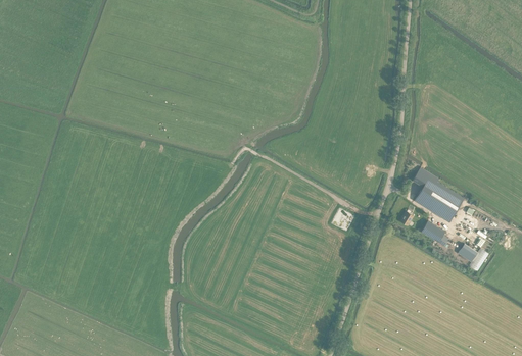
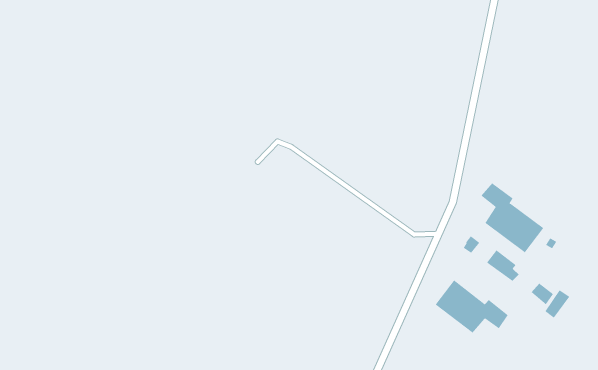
building: none -> [435,280,508,334]

